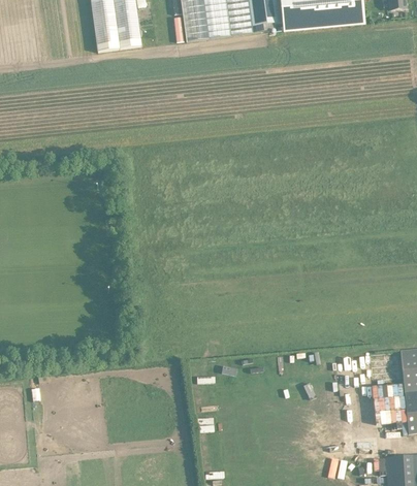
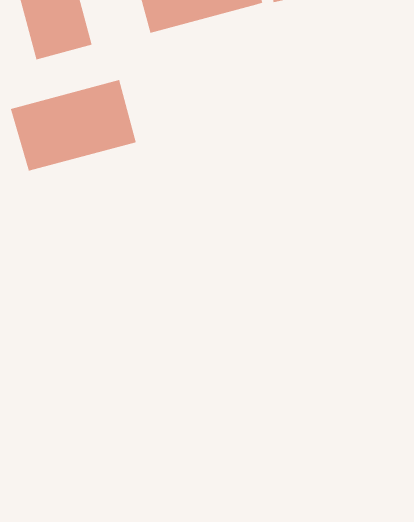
building: none -> [10,79,136,171]

